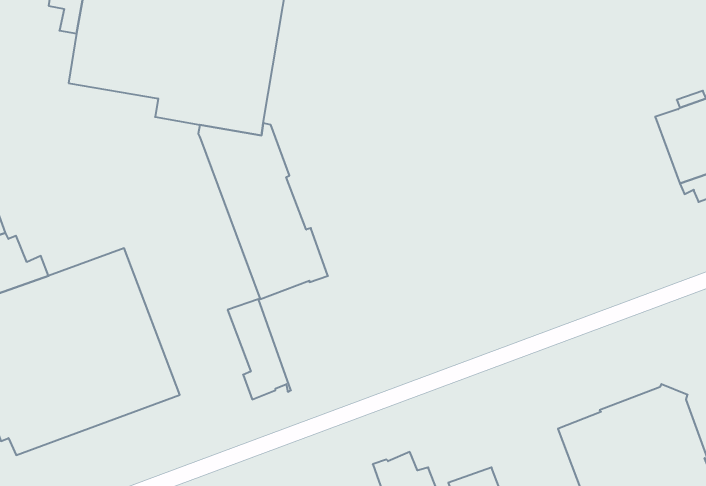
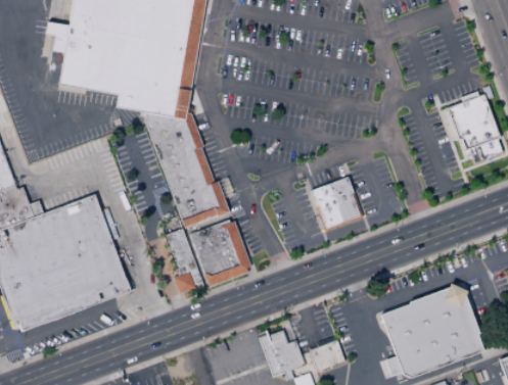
building: none -> [310,176,363,231]
building: none -> [189,219,251,287]

